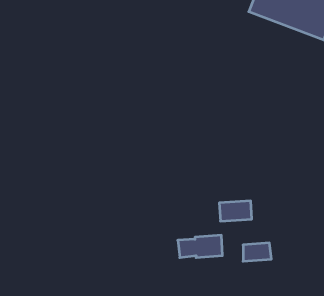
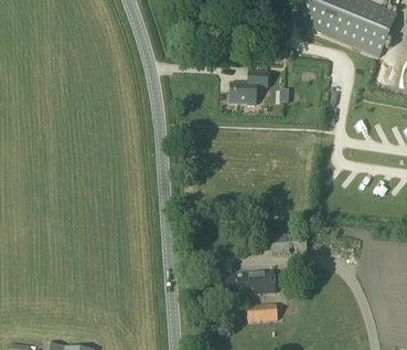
building: none -> [229,70,269,105]
building: [243,243,271,261] -> [246,301,277,321]

